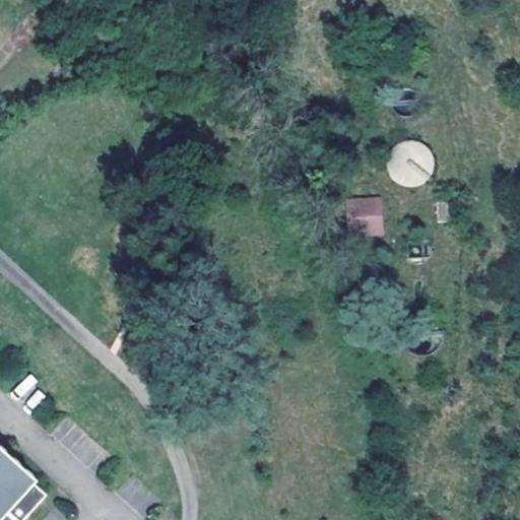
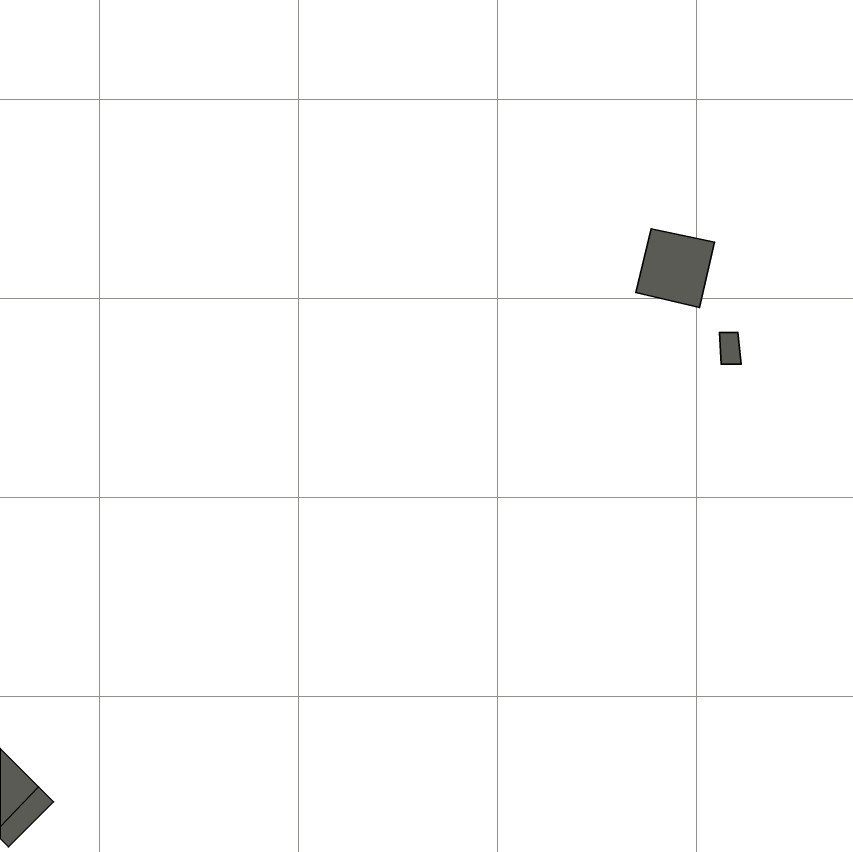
building: [347,200,383,235] -> none

